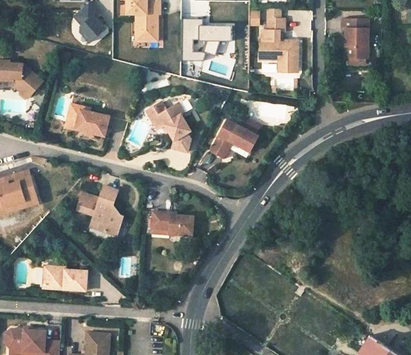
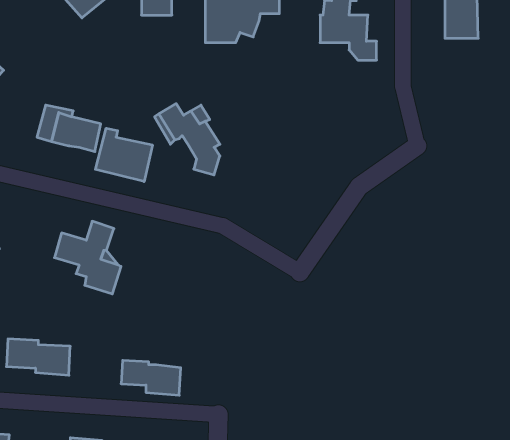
building: none -> [95,128,152,182]
building: [211,122,259,160] -> none
building: [152,210,193,234] -> [121,360,181,395]

